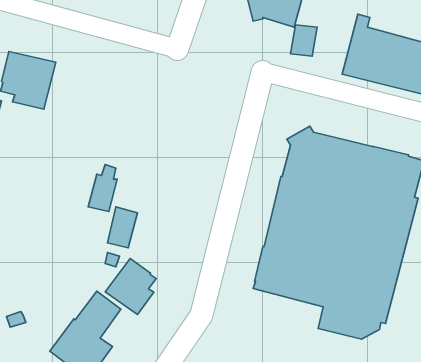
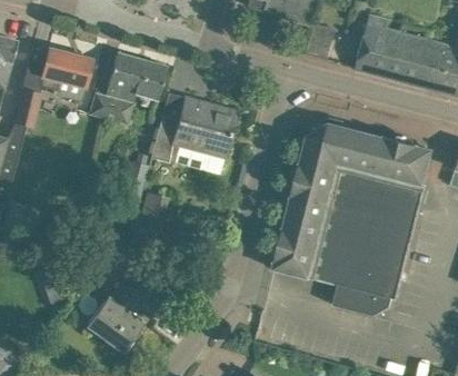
building: none -> [90,52,167,118]
building: none -> [150,97,235,164]
building: [105,258,156,314] -> none

